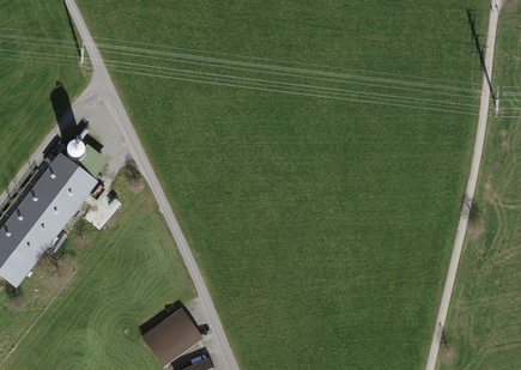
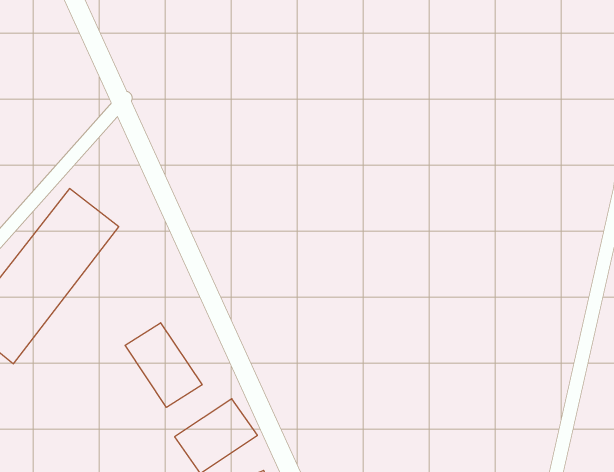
building: none -> [125,323,202,407]

